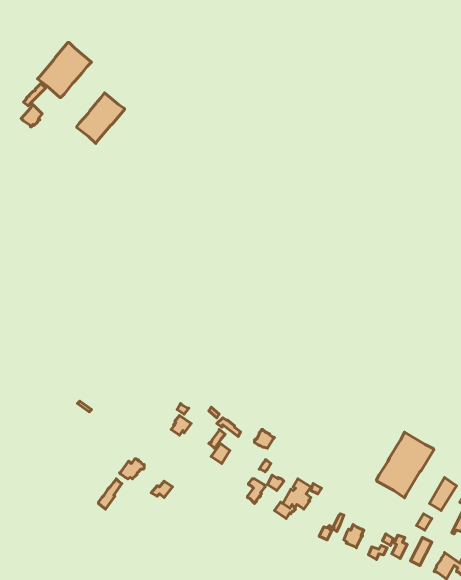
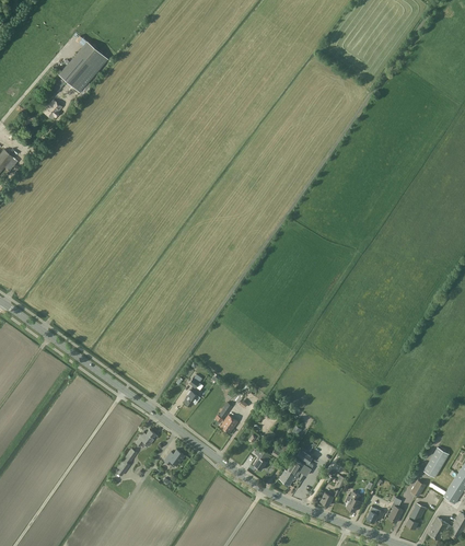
building: [77,93,124,143] -> none
building: [377,432,434,498] -> none

